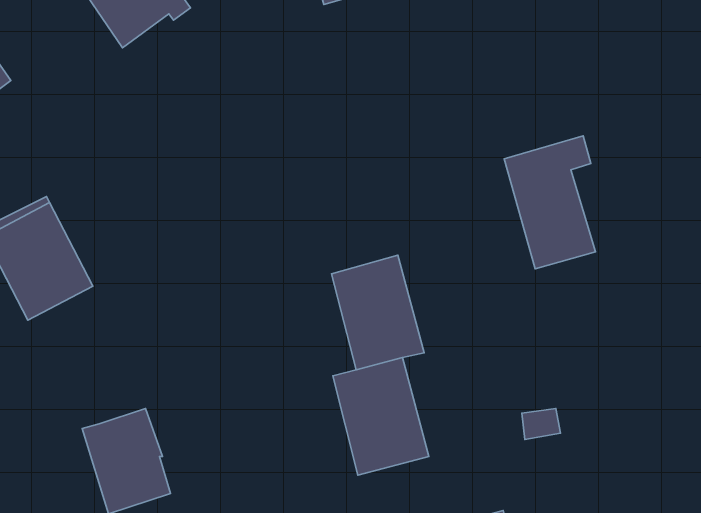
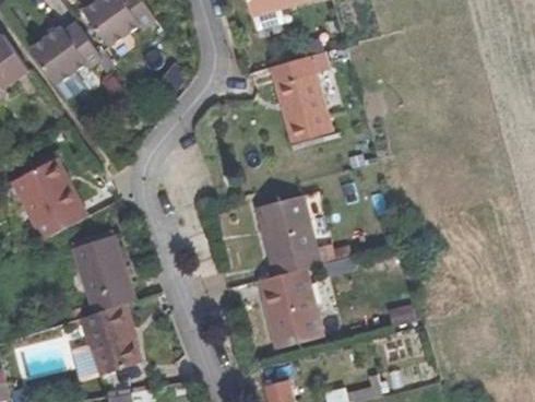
building: none -> [29,21,103,84]
building: [504,136,595,269] -> [269,49,333,143]
building: none -> [72,233,135,312]

